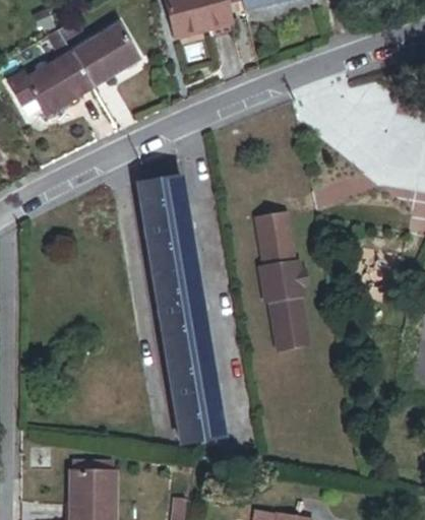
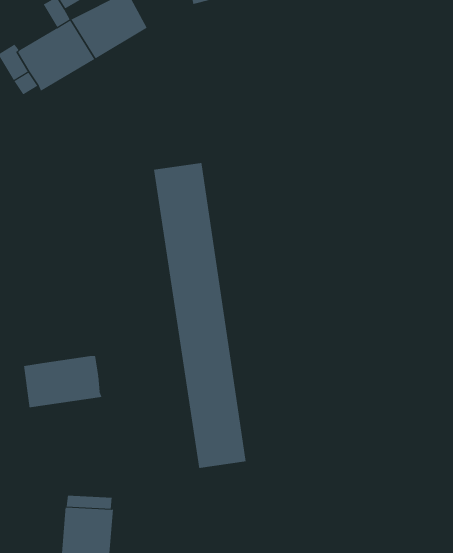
building: [254,213,305,351] -> none
building: none -> [24,355,102,408]

